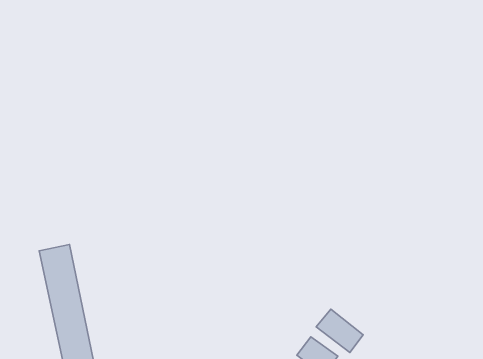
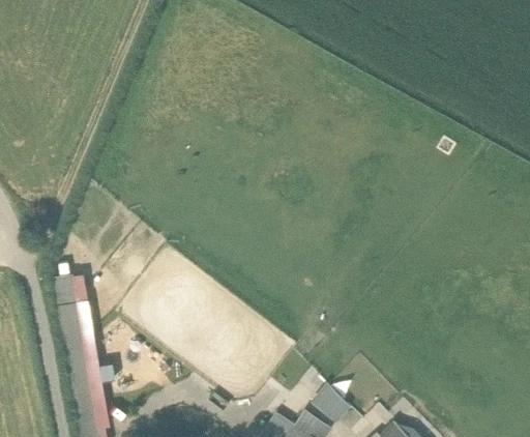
building: [316,309,363,352] -> none

